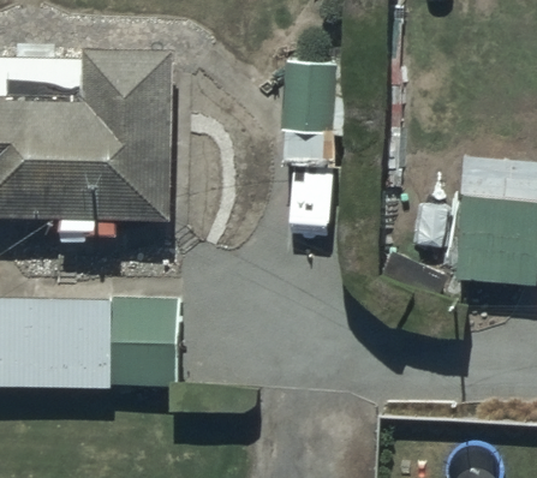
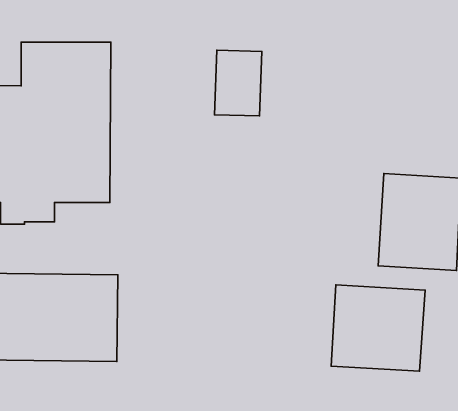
building: none -> [331,285,425,371]

